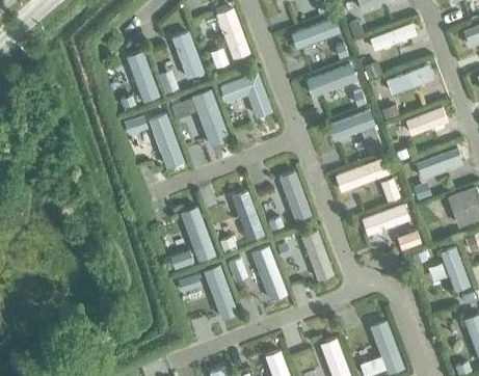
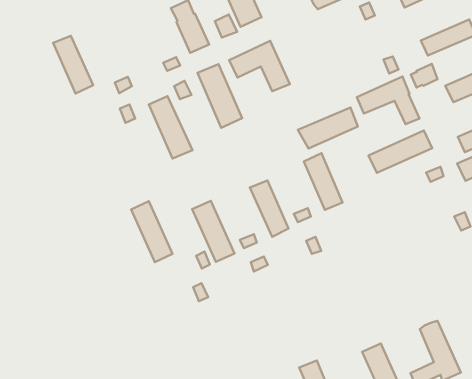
building: [126,53,158,103] -> [53,36,93,93]
building: [305,59,357,92] -> [298,108,358,149]
building: [362,205,408,236] -> none
building: [301,232,334,280] -> none
building: [251,247,287,300] -> none
building: [204,266,237,319] -> [131,201,172,262]

